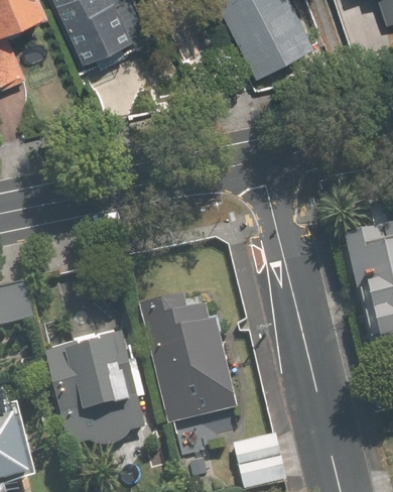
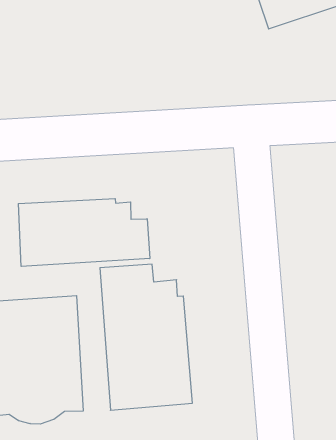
building: none -> [18,199,150,266]

